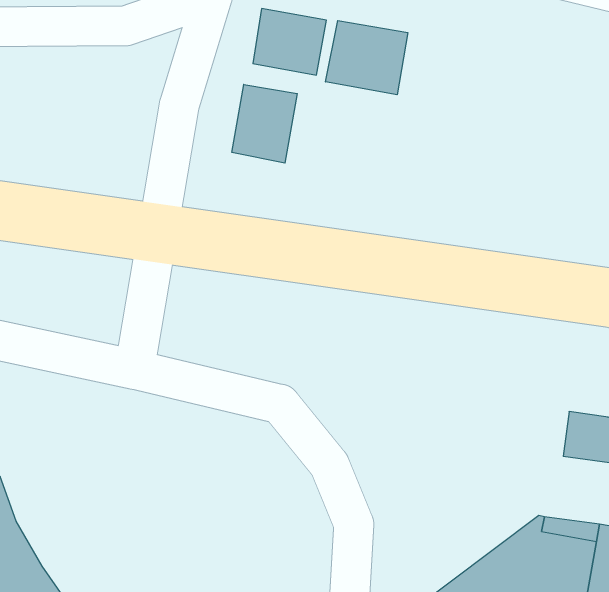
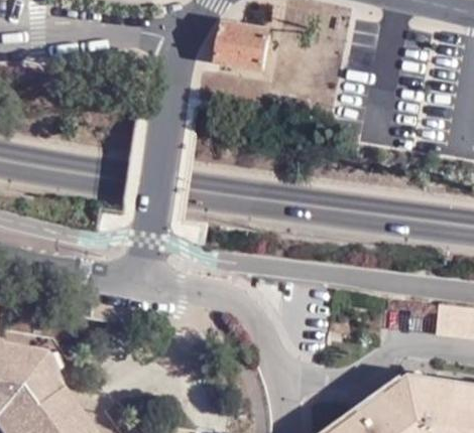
building: [326,21,408,95] -> none
building: [232,84,297,163] -> none

